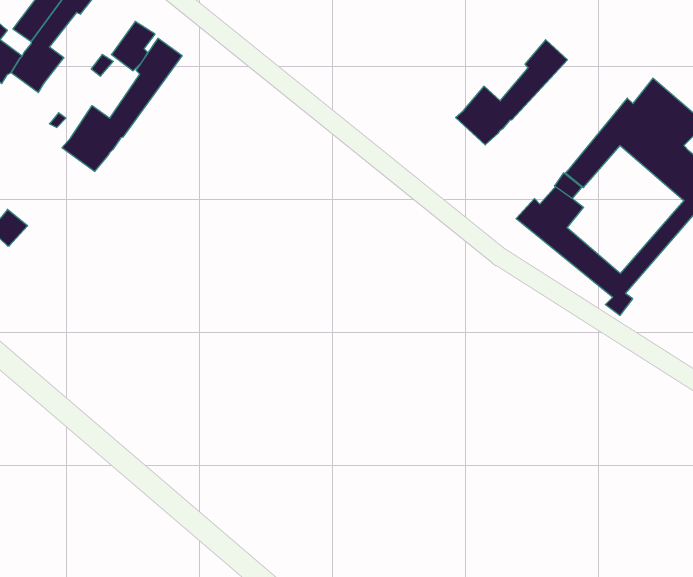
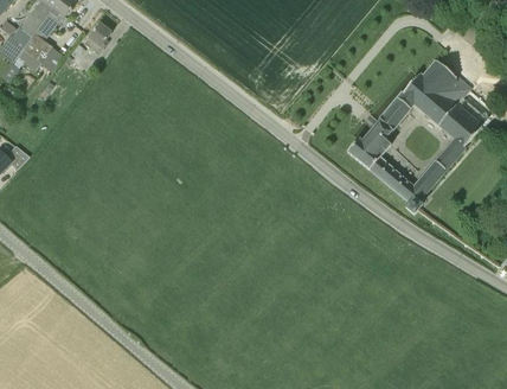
building: [62,38,182,171] -> none
building: [456,40,567,145] -> none

